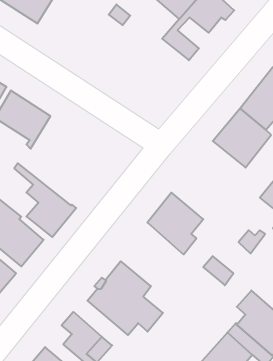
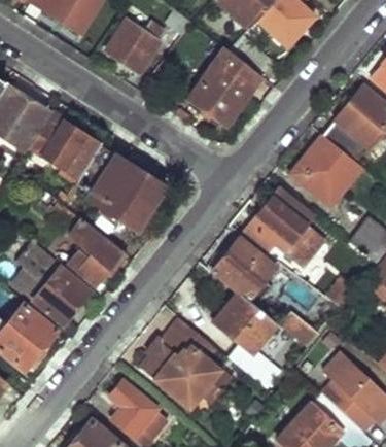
building: none -> [108,21,165,72]
building: none -> [189,49,262,124]
building: none -> [74,147,163,225]
building: none -> [244,190,313,264]
building: none -> [217,295,284,392]

